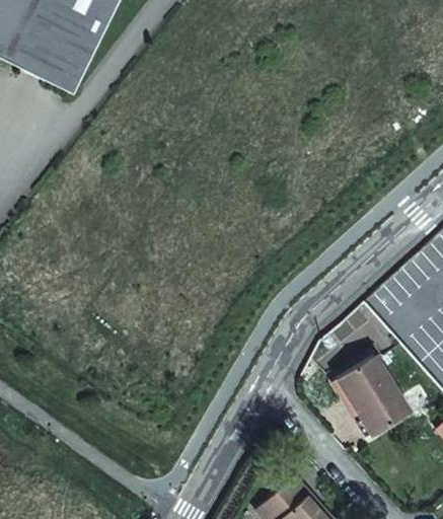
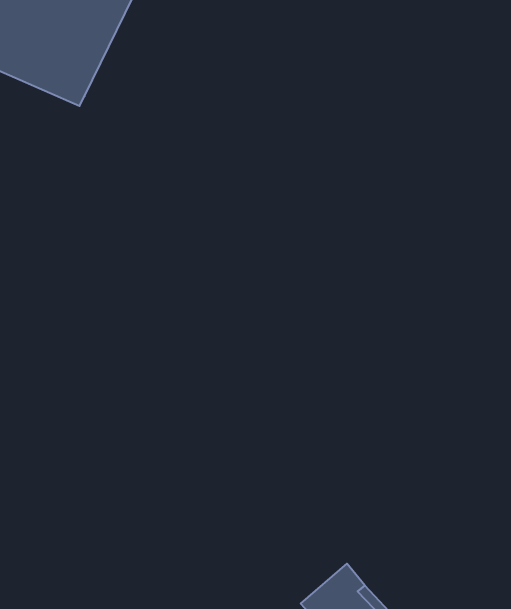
building: [336,354,409,435] -> none

